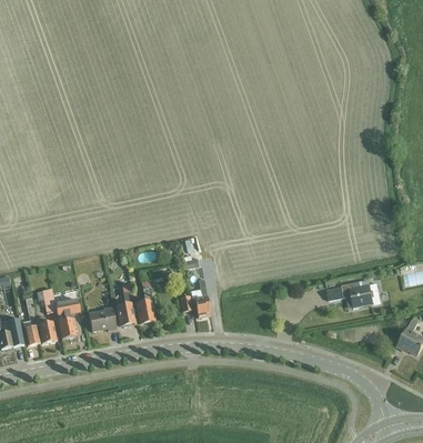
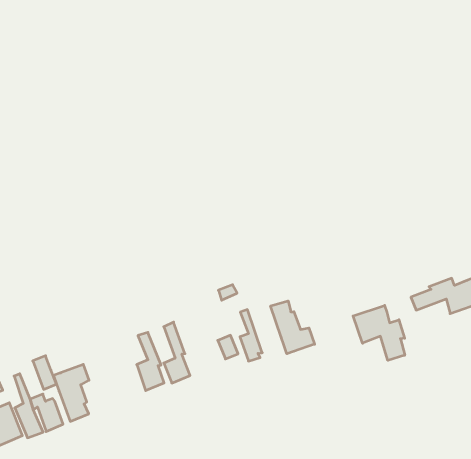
building: none -> [271,301,315,354]
building: none -> [353,305,405,360]
building: [88,306,115,331] -> none

